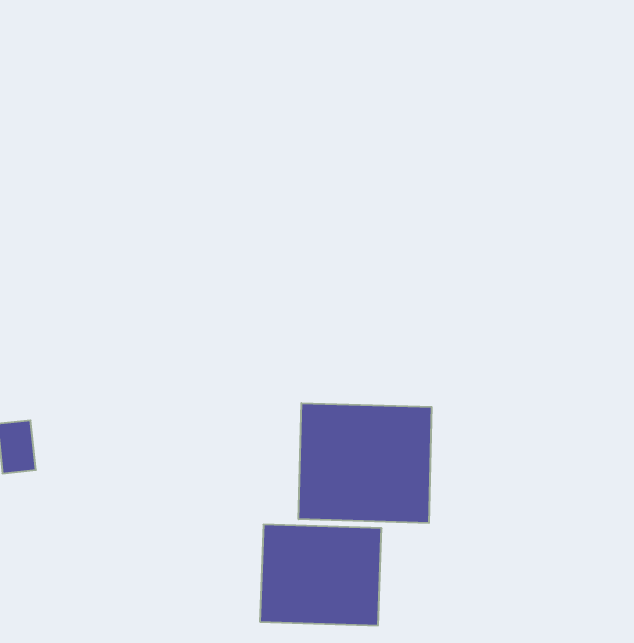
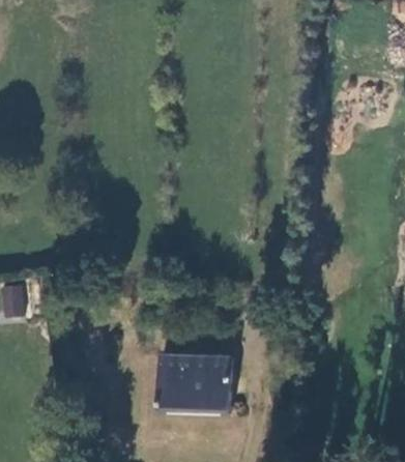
building: [299,403,432,523] -> none

